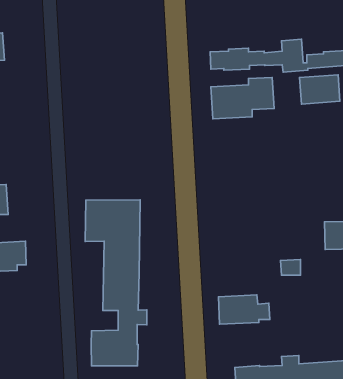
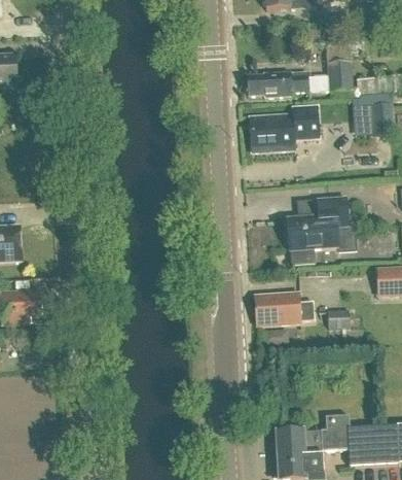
building: none -> [287,196,356,265]
building: [85,200,147,366] -> none
building: [219,295,270,324] -> [255,292,313,324]

